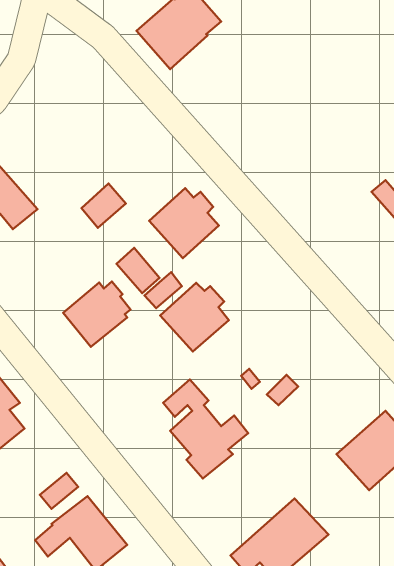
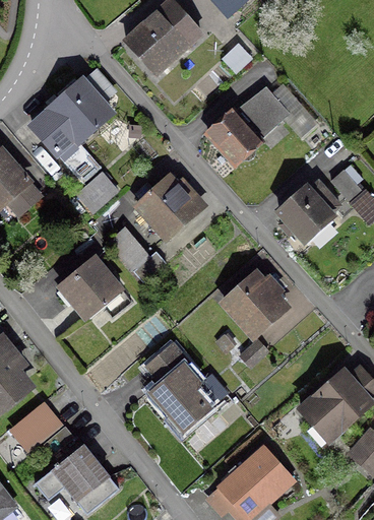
building: none -> [32,70,114,182]
building: none -> [207,88,287,160]
building: none -> [278,181,338,240]
building: [160,283,229,352] -> [224,274,284,334]
building: none -> [12,404,60,450]

